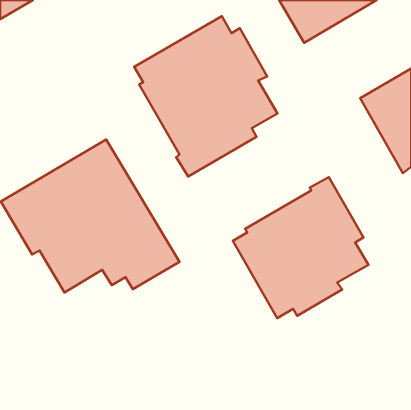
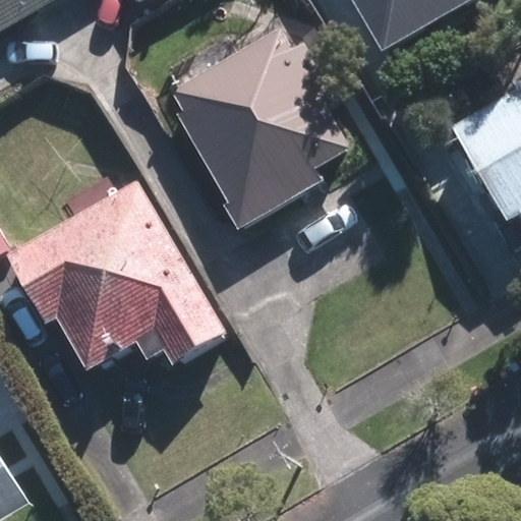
building: [233,177,368,318] -> none

